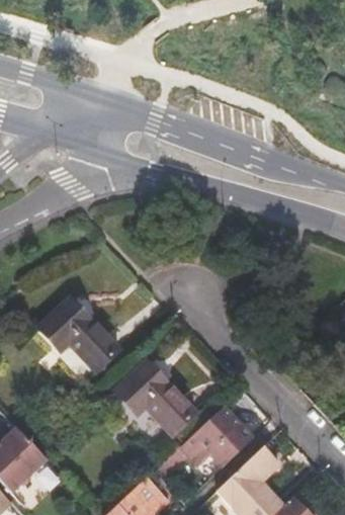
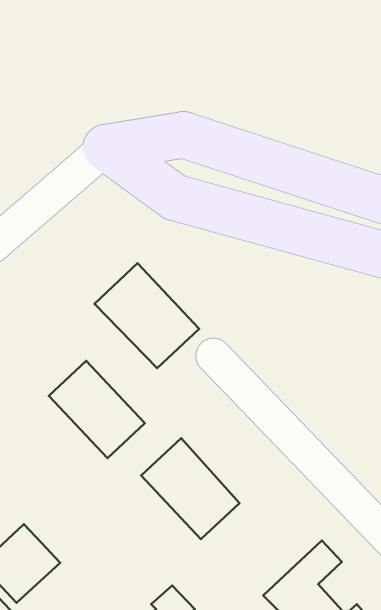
building: none -> [94,263,199,368]
building: [173,404,254,463] -> none

